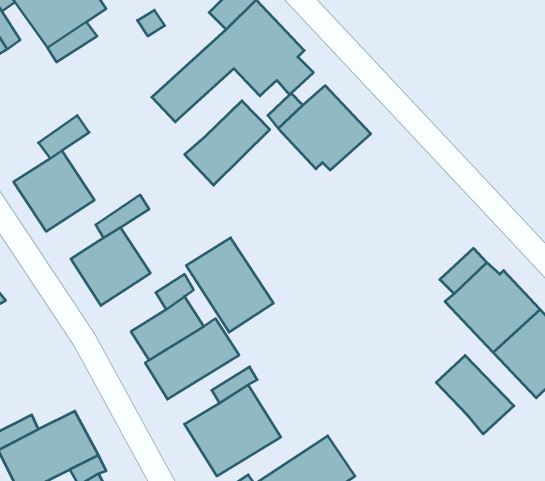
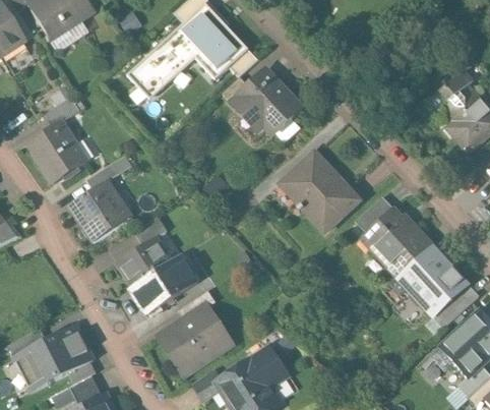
building: [185,101,270,185] -> none
building: none -> [280,151,363,234]
building: [186,238,273,332] -> none
building: [436,355,514,434] -> none

